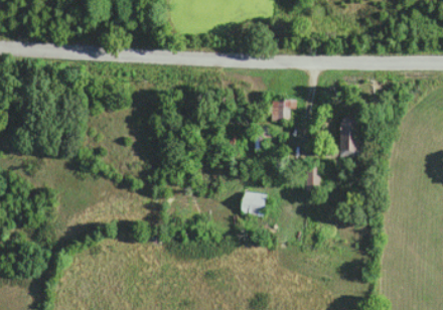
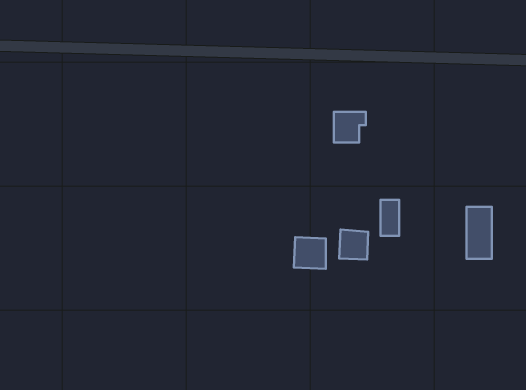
building: [340,117,359,156] -> [467,207,492,259]
building: none -> [339,230,368,260]

